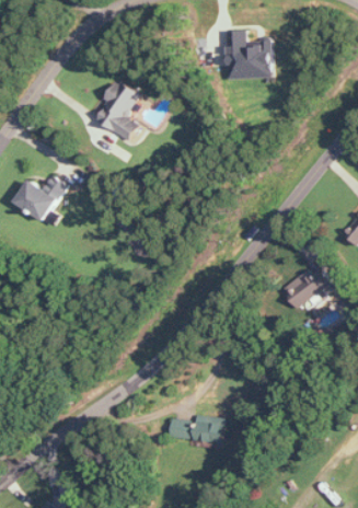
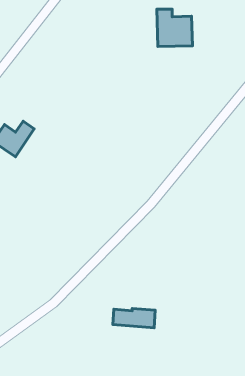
building: [92,80,138,140] -> none
building: [279,267,330,307] -> none

